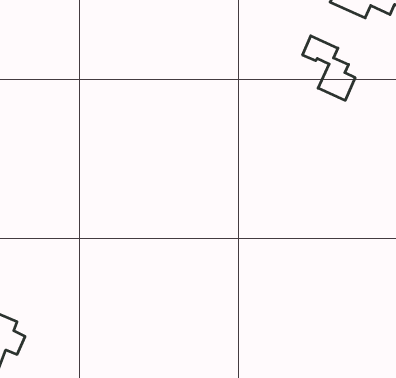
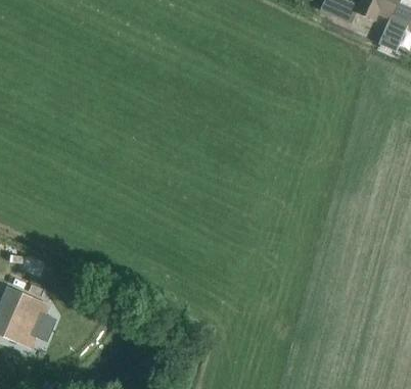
building: [303,36,355,100] -> none

